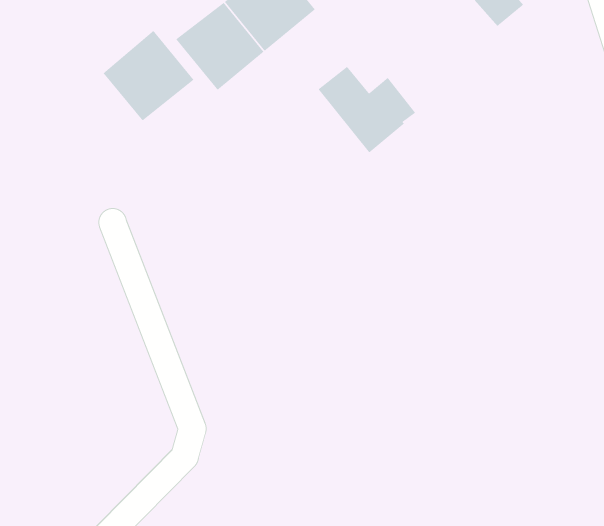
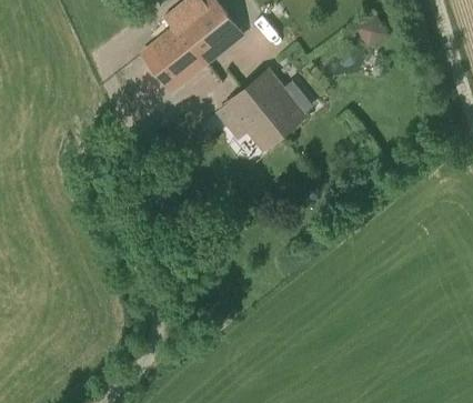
building: [103,30,194,122] -> none
building: none -> [218,90,279,149]

